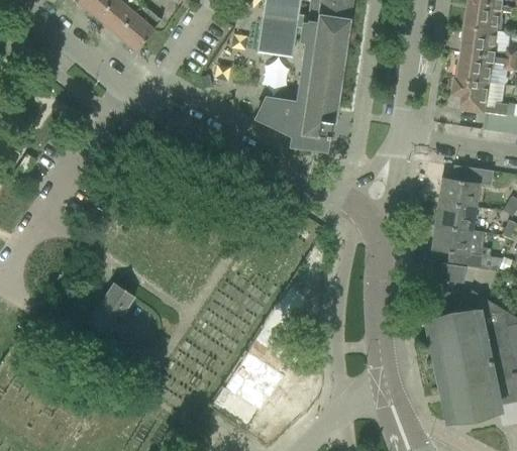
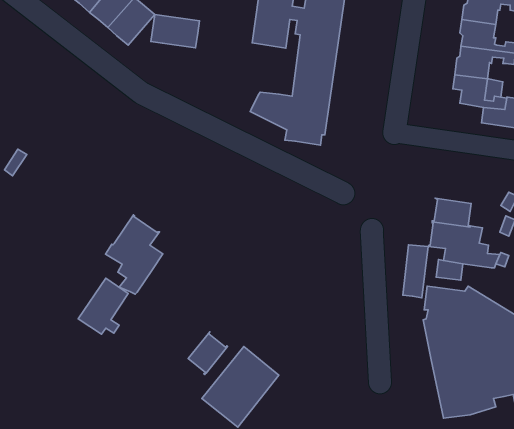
building: none -> [151,14,200,48]
building: [438,166,493,209] -> none
building: none -> [106,215,163,294]
building: none -> [403,245,428,298]
building: none -> [188,332,228,375]

